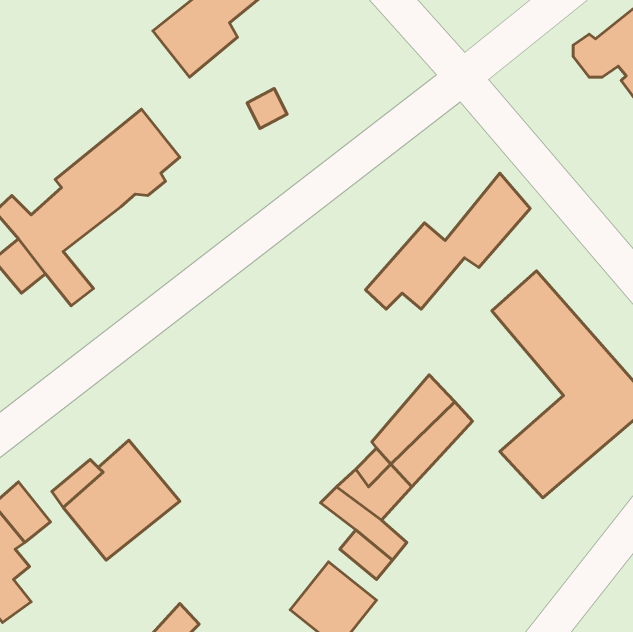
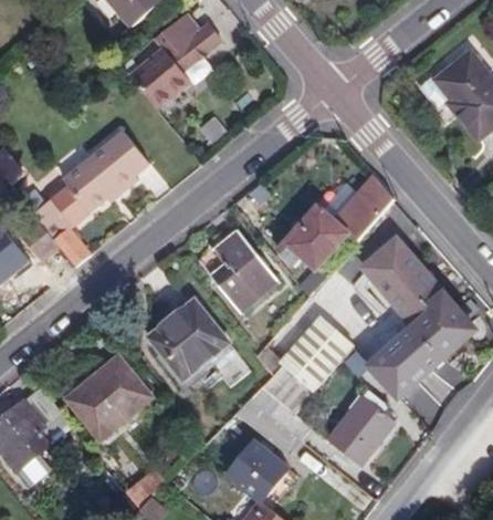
building: none -> [209,238,268,313]
building: none -> [148,302,227,381]
building: none -> [326,396,395,466]

